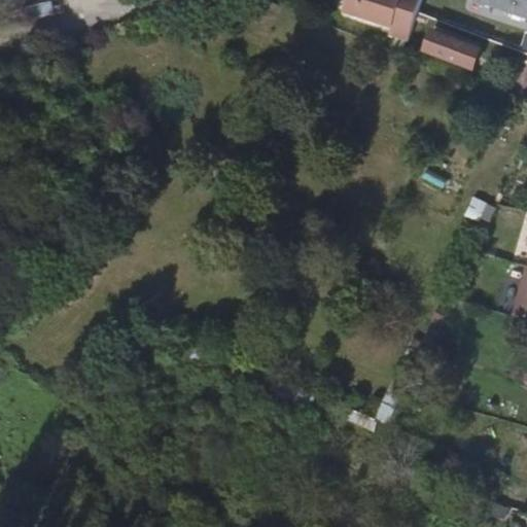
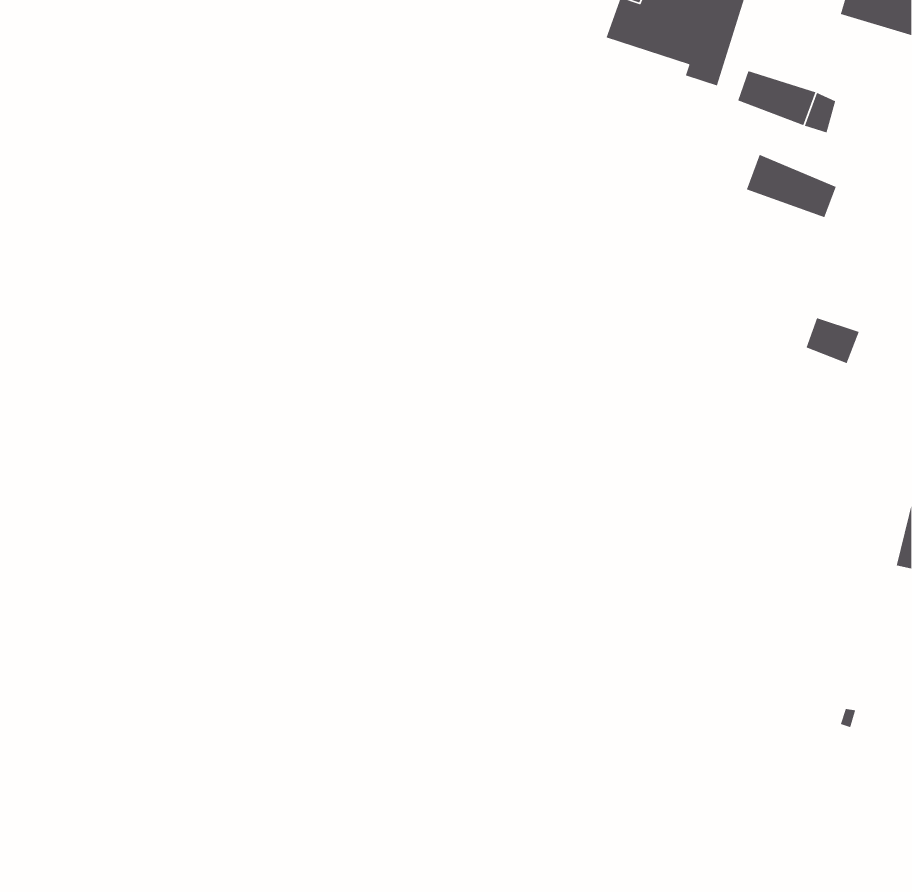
building: none -> [746,154,837,218]

